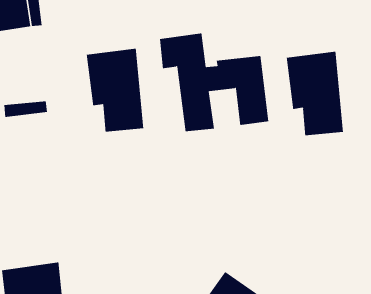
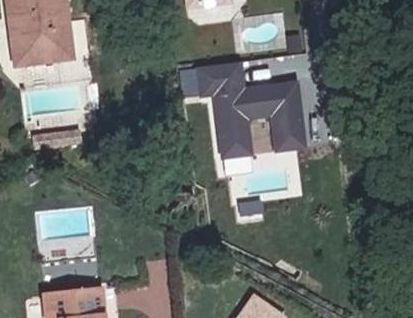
building: [86,48,144,132] -> none
building: [286,51,343,136] -> none

